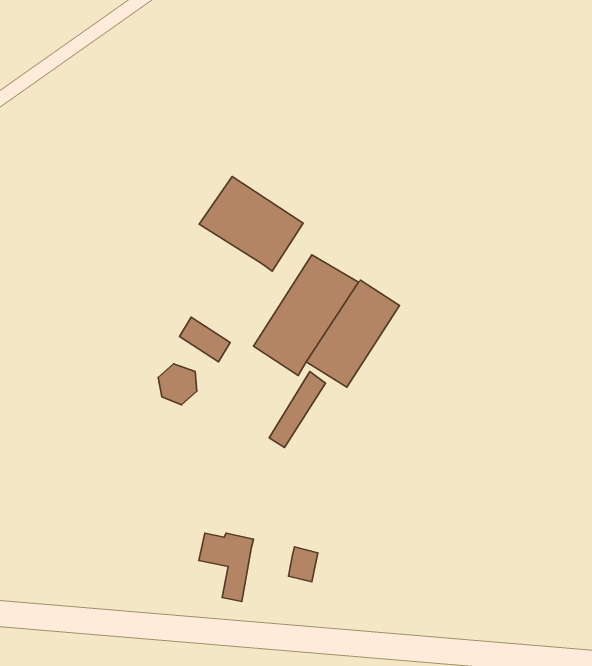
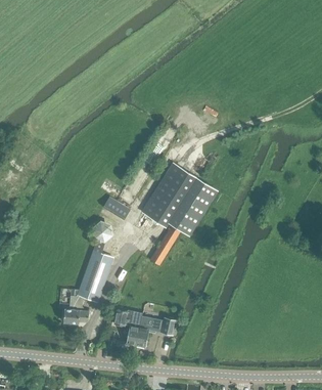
building: [199,177,303,271] -> none
building: none -> [63,249,113,322]
building: none -> [136,316,163,347]

